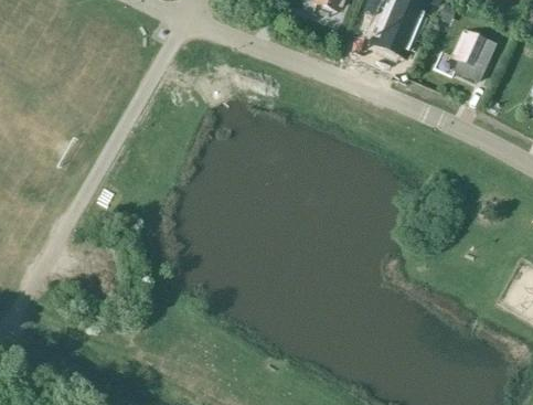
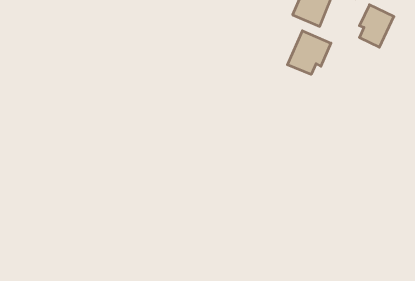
building: none -> [287,31,331,74]

